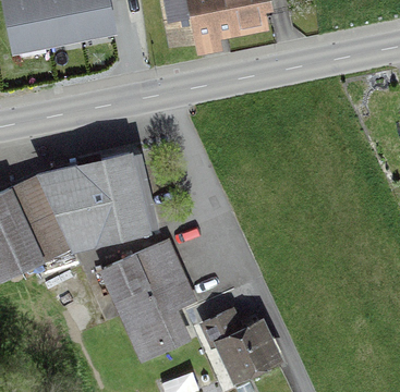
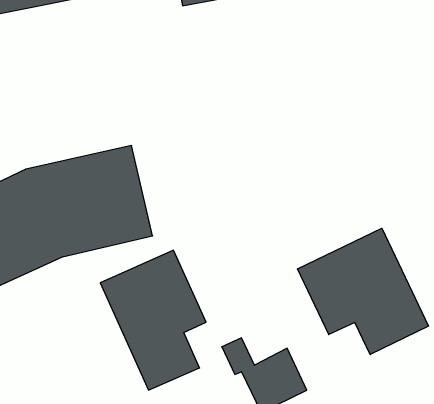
building: none -> [298,228,429,355]

